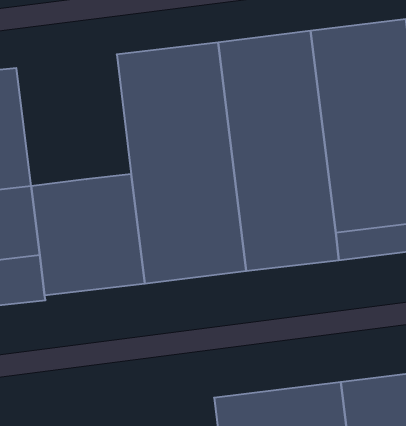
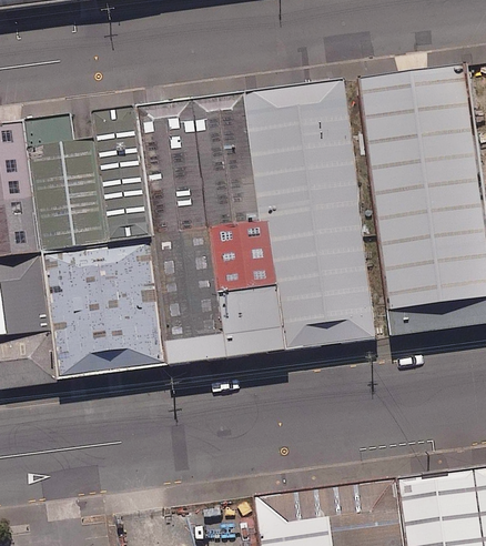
building: none -> [92,104,149,241]
building: none -> [23,111,103,253]

